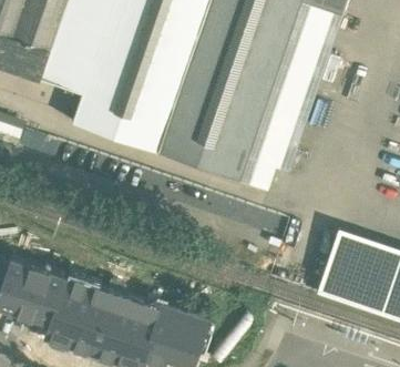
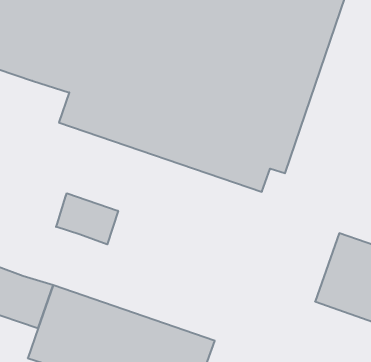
building: none -> [56,193,118,244]

